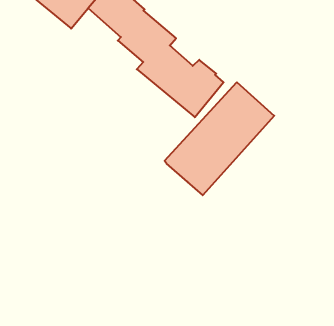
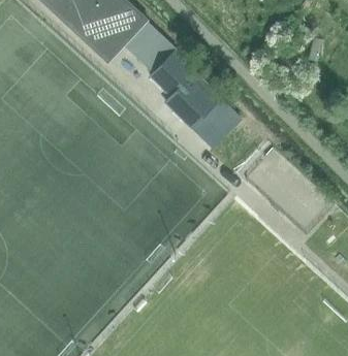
building: [165,82,274,195] -> none

